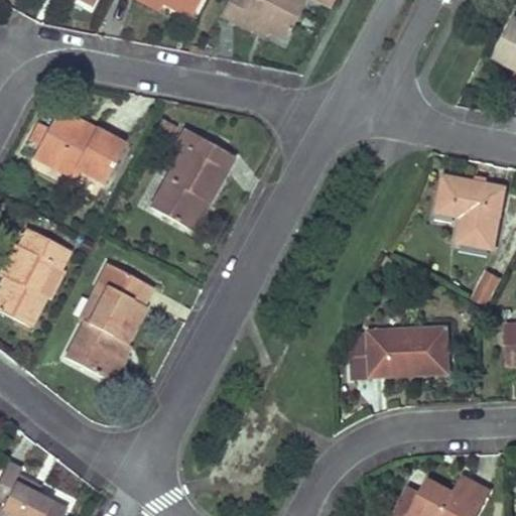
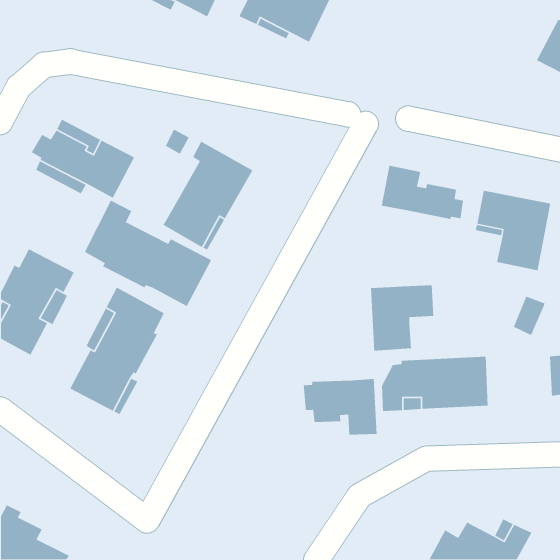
building: none -> [381,165,464,220]
building: none -> [84,199,212,307]
building: none -> [370,284,434,352]
building: none -> [303,378,377,436]

